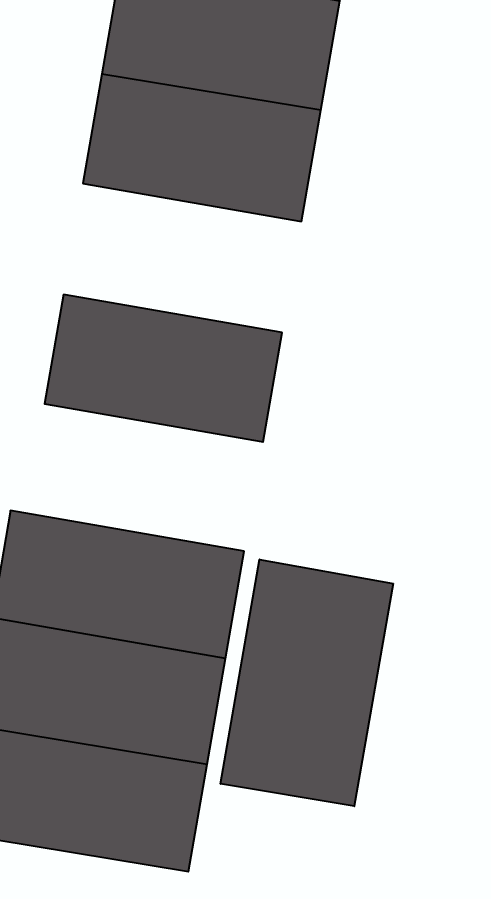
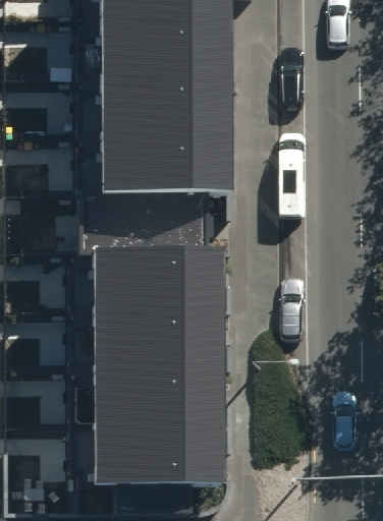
building: none -> [100,133,218,193]
building: none -> [92,252,218,311]
building: [221,559,393,806] -> none

